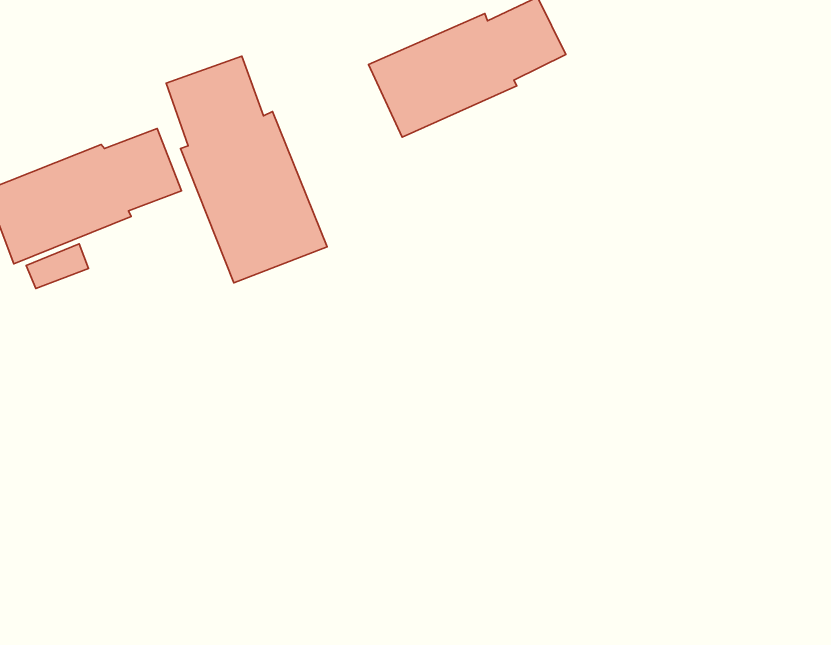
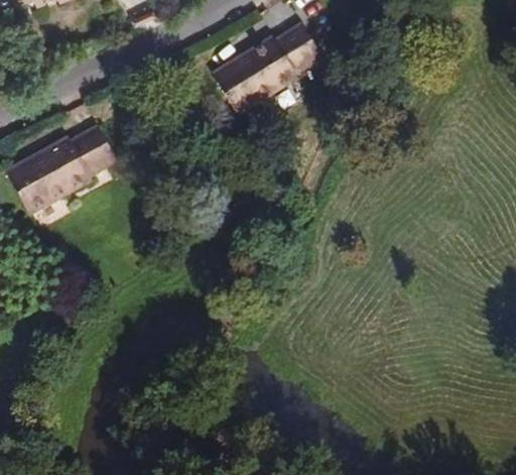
building: [166,56,327,283] -> none

